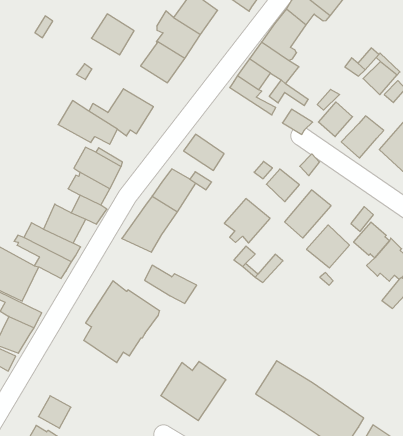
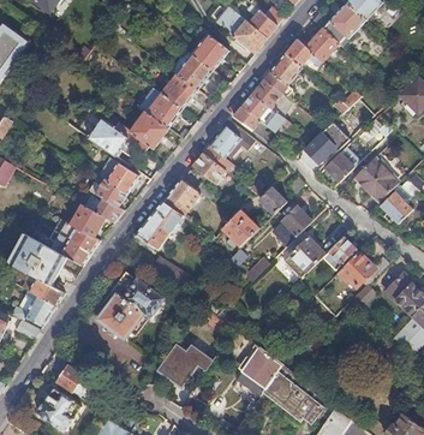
building: [91,14,134,55] -> [145,93,181,127]
building: none -> [202,120,255,172]

